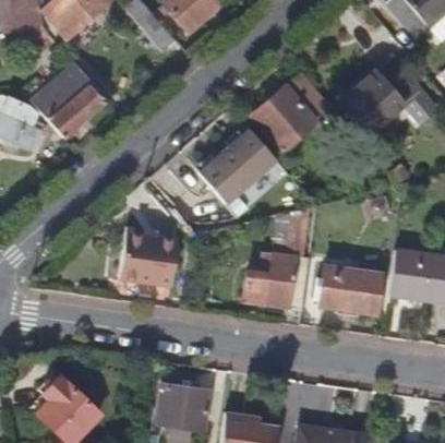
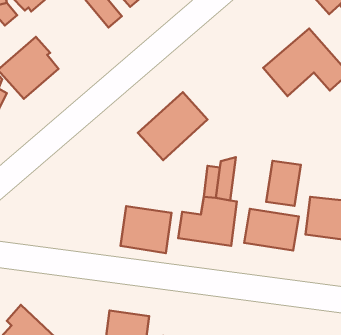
building: [251,71,332,152] -> none
building: none -> [266,161,301,206]
building: [118,229,177,284] -> [121,206,171,253]

